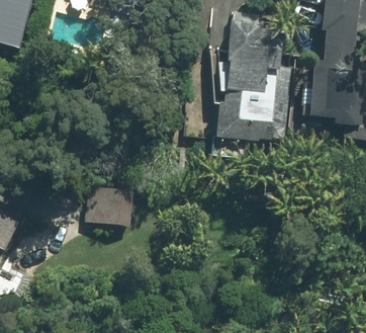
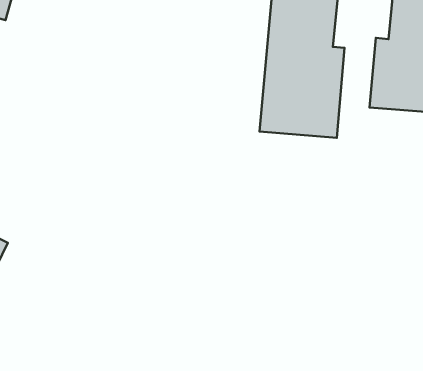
building: [82,186,131,227] -> none

